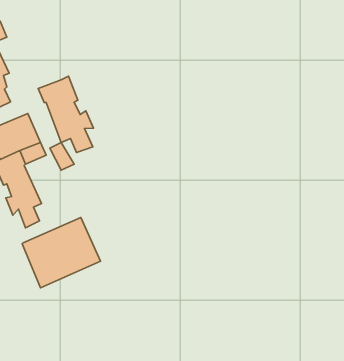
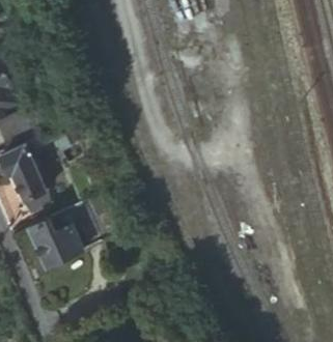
building: [38,76,93,153] -> none

